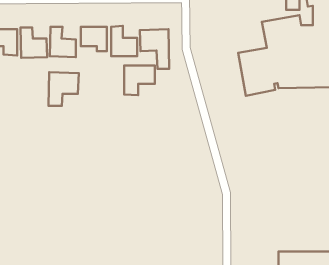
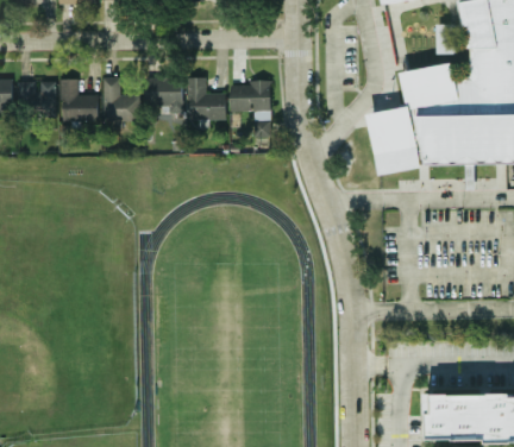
building: [124,66,155,95] -> none
building: [48,72,79,106] -> none

